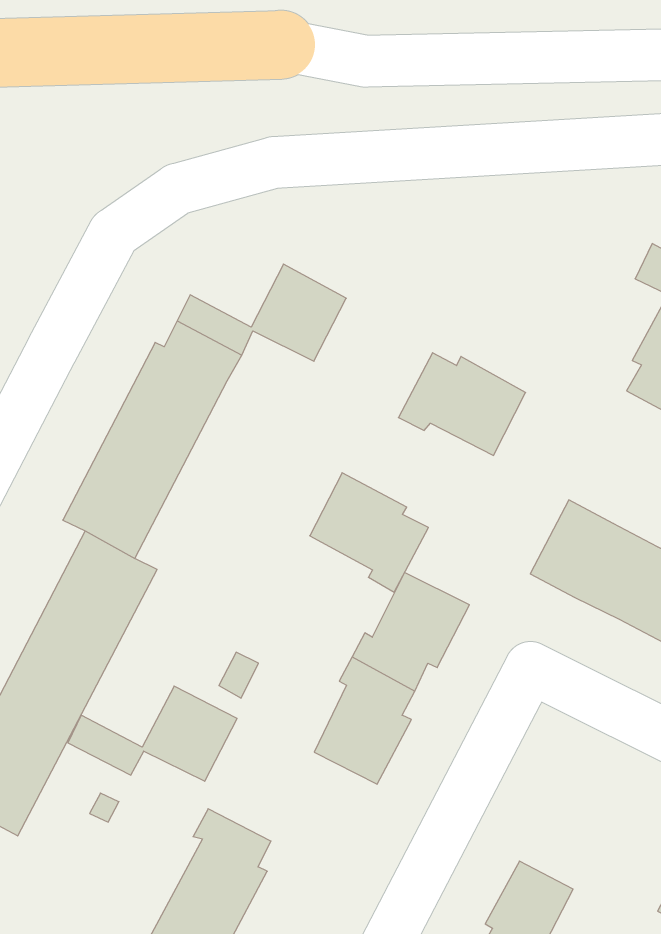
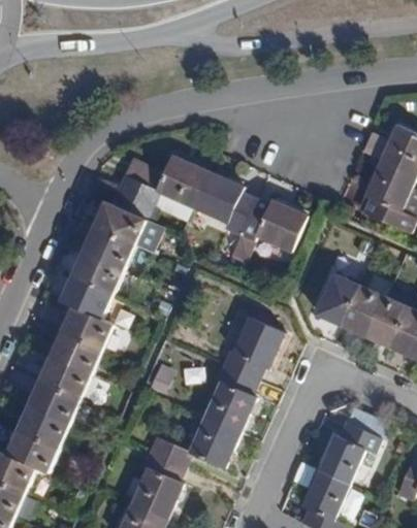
building: [310,473,428,592] -> [192,171,256,234]
building: [68,686,237,781] -> [149,418,239,468]
building: none -> [319,422,382,484]

